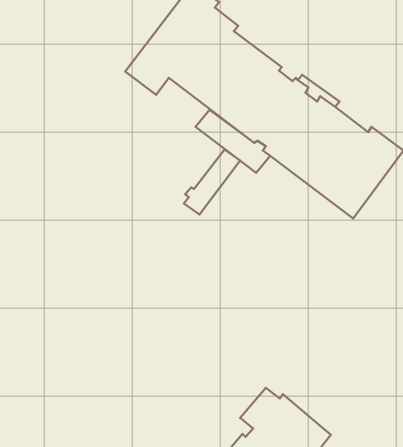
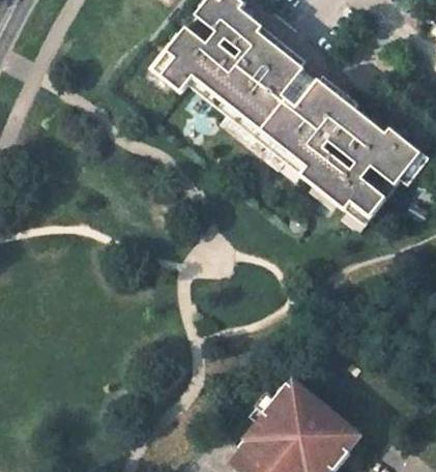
building: [184,150,240,214] -> none

